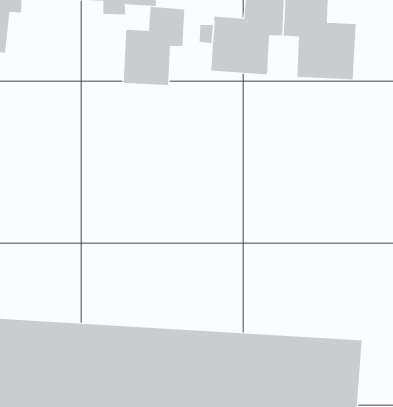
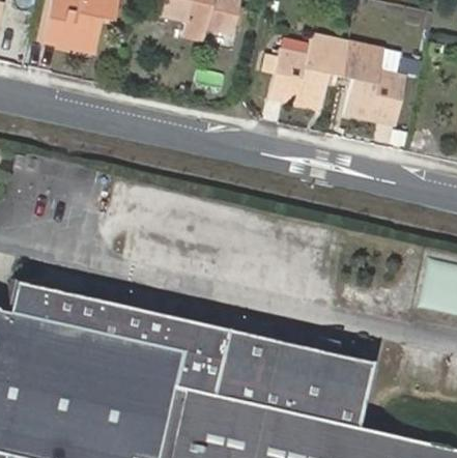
building: [123,6,185,86] -> none

